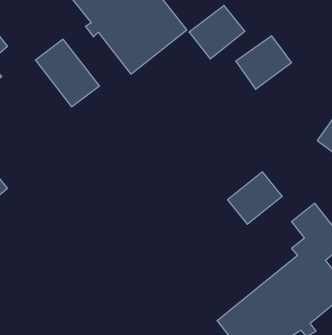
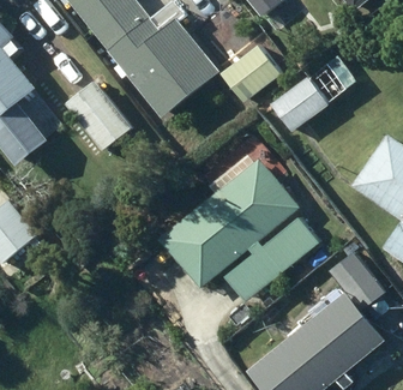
building: none -> [160,158,299,288]

